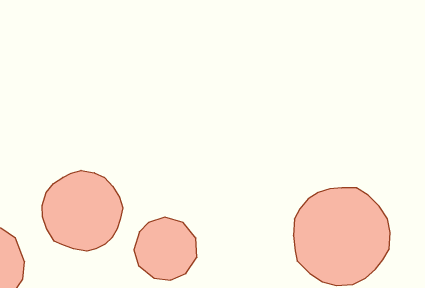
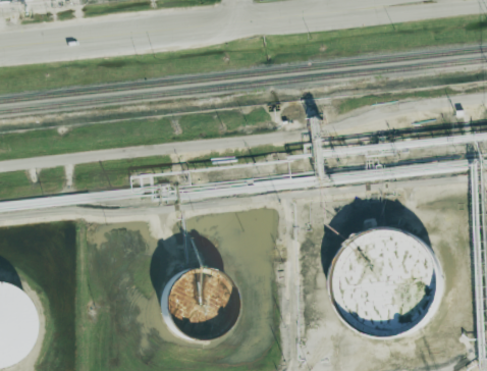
building: [42,170,123,251] -> none

